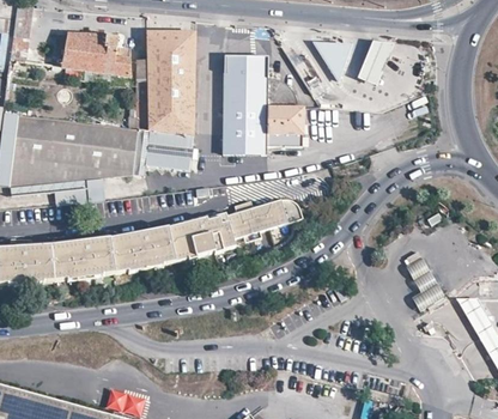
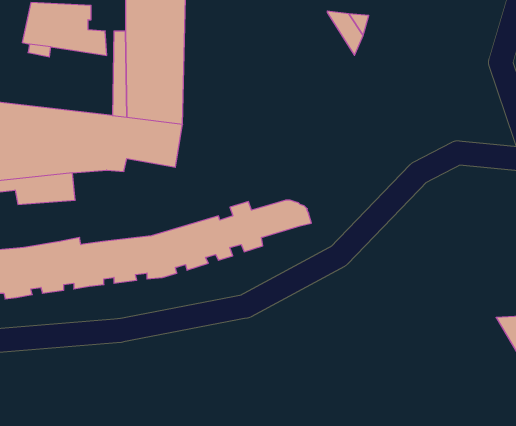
building: [356,40,393,85] -> none
building: [220,56,302,153] -> none

